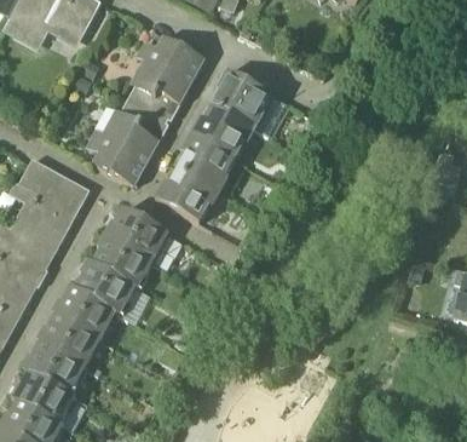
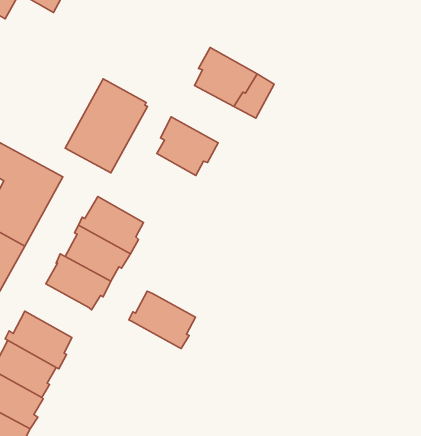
building: [127,36,204,121] -> none
building: [190,105,248,159] -> none
building: [155,168,213,223] -> none
building: [52,287,114,340] -> [129,291,196,348]

